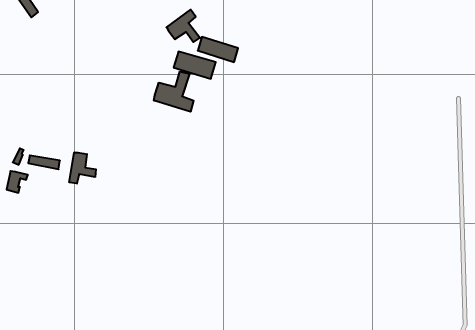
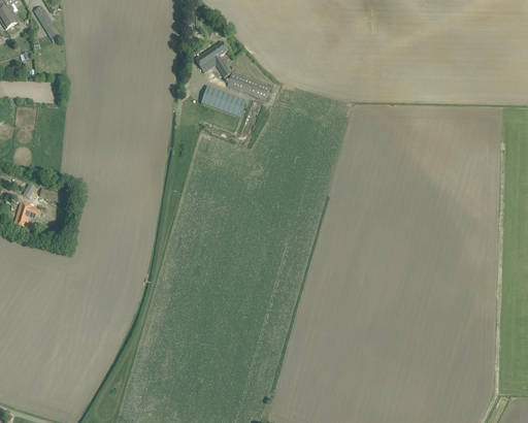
building: [154,72,194,112] -> none
building: [69,152,96,184] -> none

